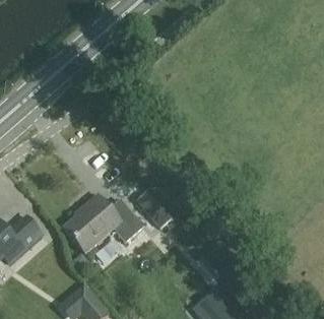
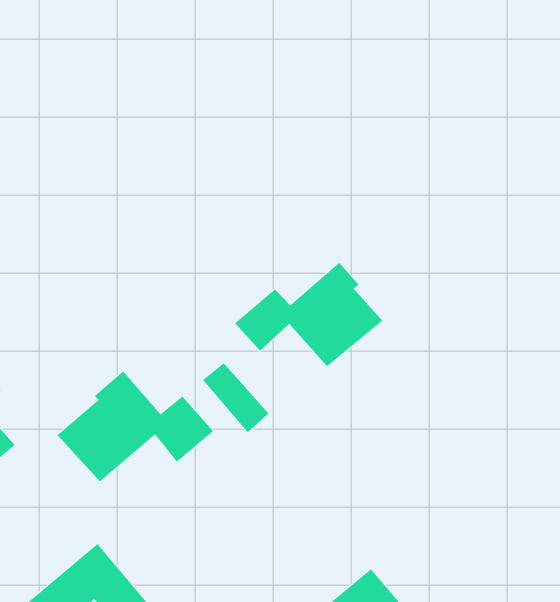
building: none -> [234,262,383,367]

